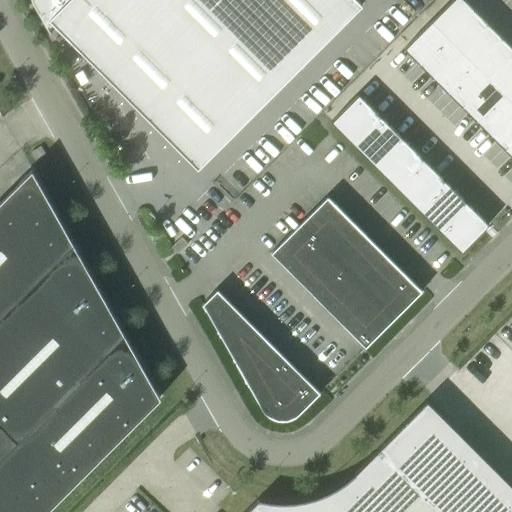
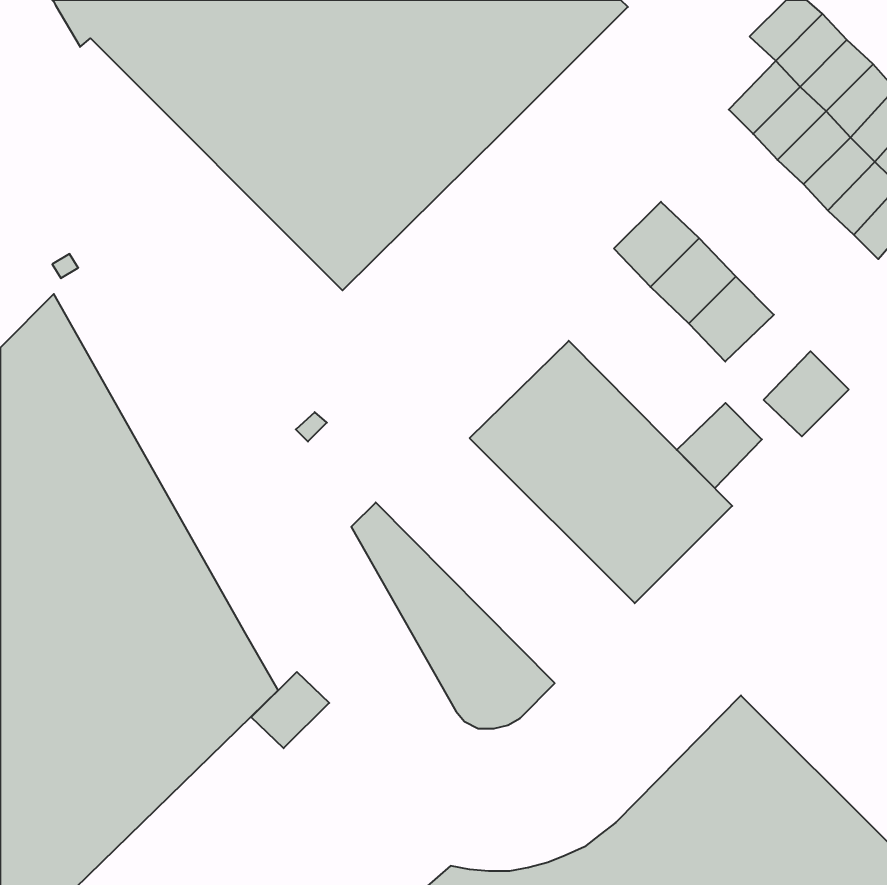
building: [405,23,447,65] -> none
building: [332,96,381,145] -> none
building: [418,183,467,232] -> [677,403,762,488]
building: none -> [251,672,329,748]

